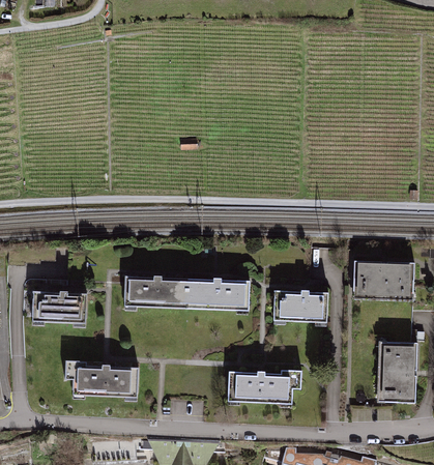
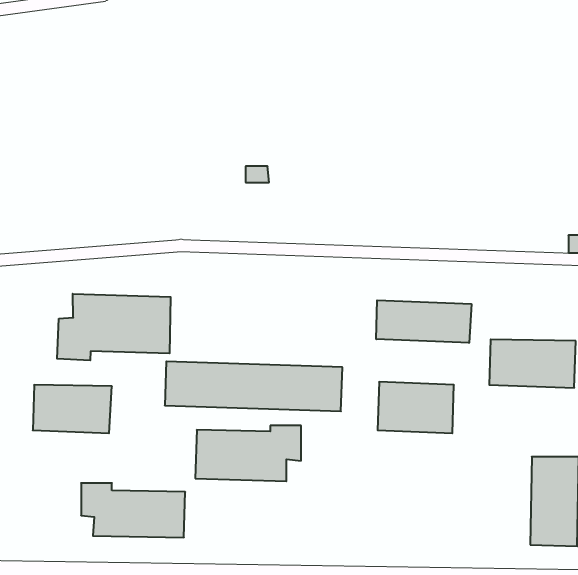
building: none -> [57,294,171,360]
building: none -> [376,300,471,343]
building: [227,369,301,408] -> [195,426,301,481]

